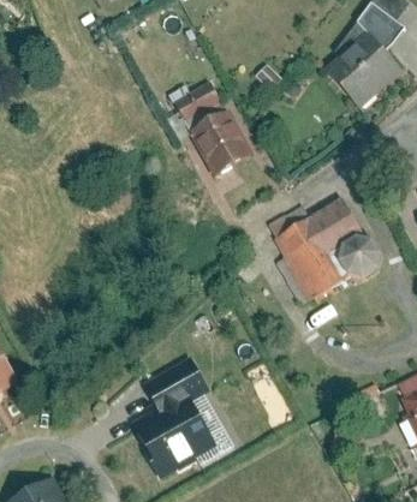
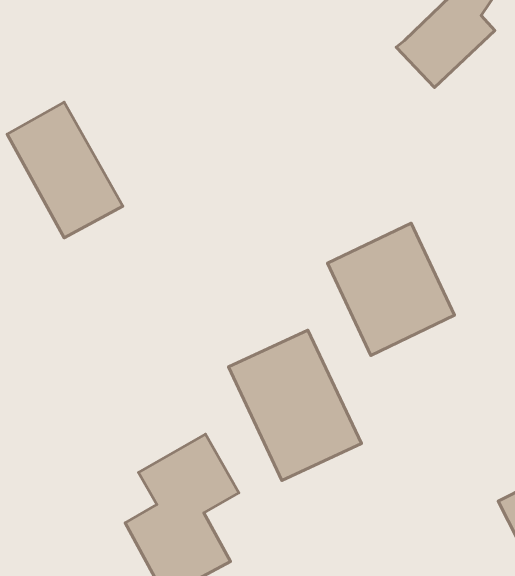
building: [171,83,254,180] -> [7,102,123,238]
building: none -> [228,330,361,480]

